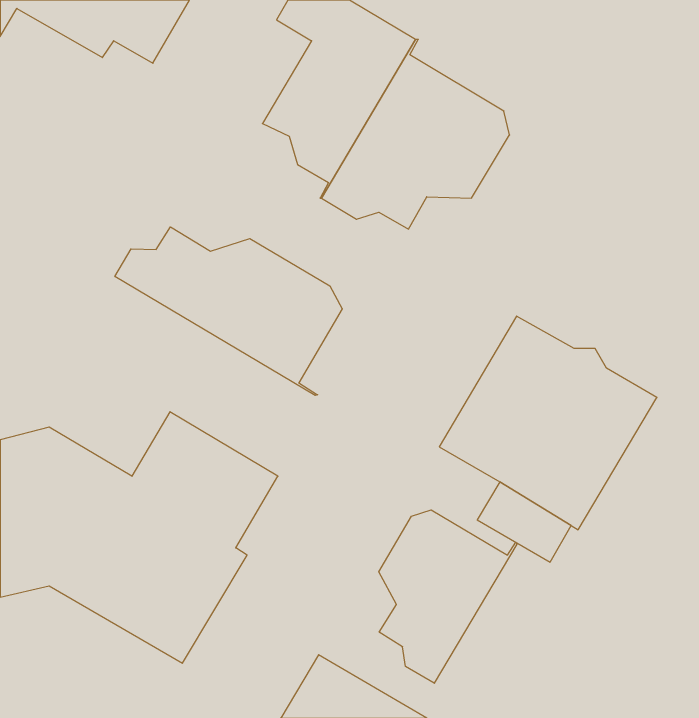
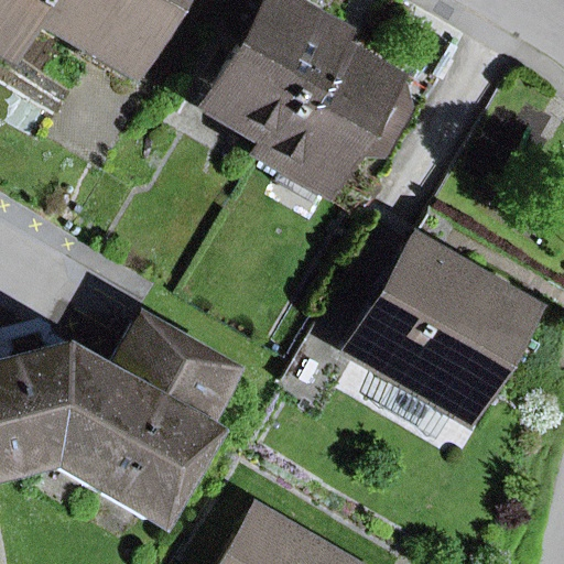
building: [115,227,342,395] -> none
building: [379,510,517,683] -> none

